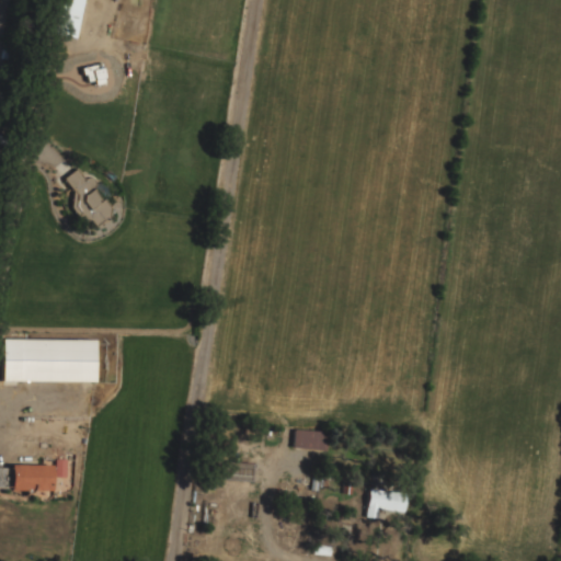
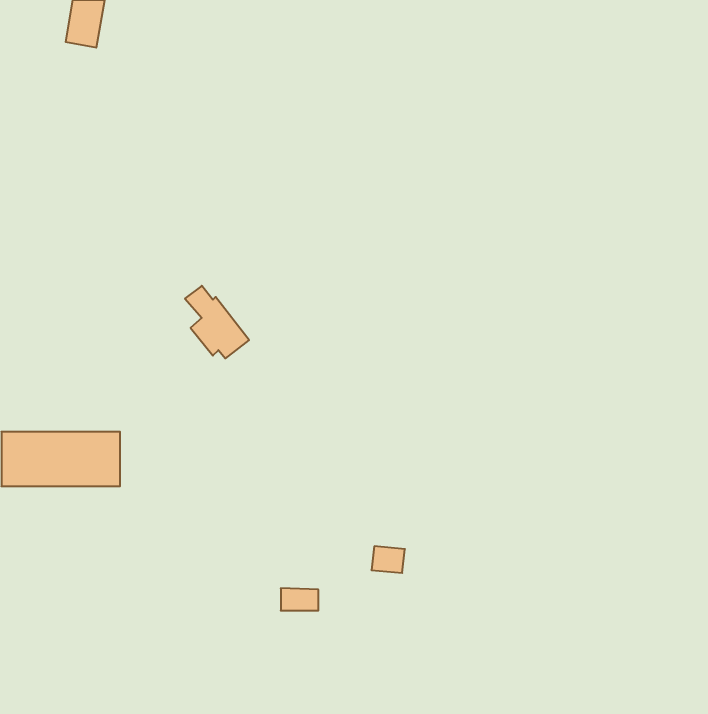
building: [67,169,117,226] -> [185,286,249,358]
building: [14,462,55,491] -> none
building: [370,489,409,517] -> none

